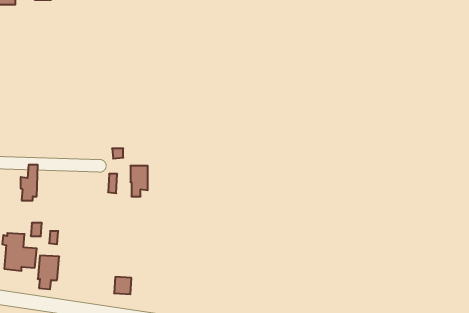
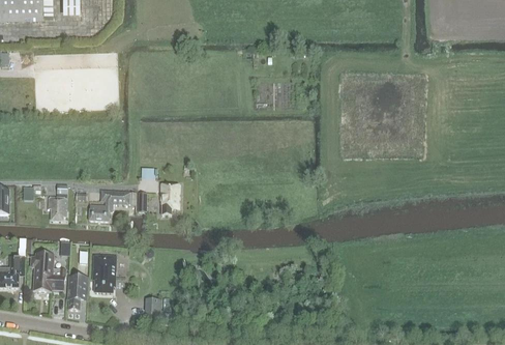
building: none -> [88,191,135,221]
building: none -> [90,253,114,291]

